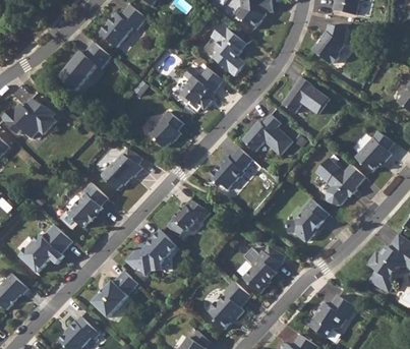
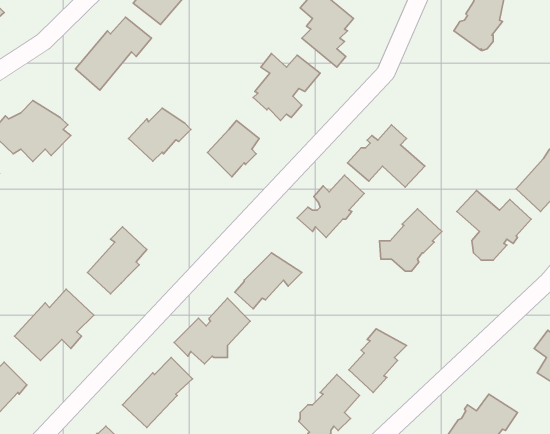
building: [282,77,330,115] -> none
building: [101,155,142,190] -> [129,108,191,161]
building: [287,199,329,241] -> [379,209,442,271]

